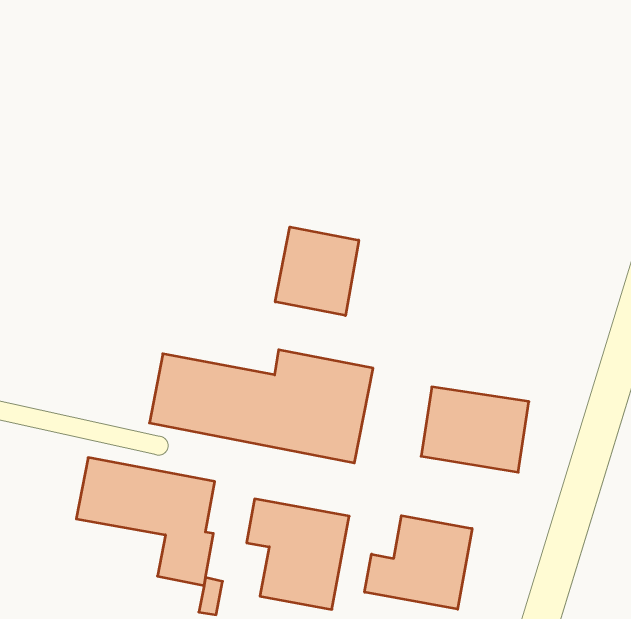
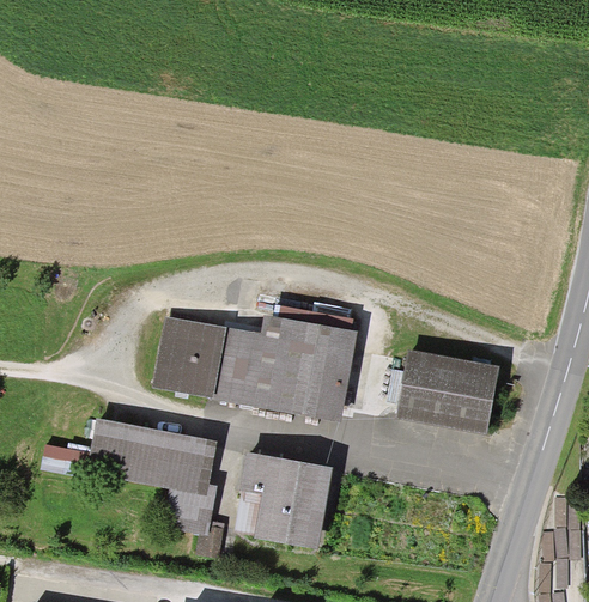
building: [275,227,359,316] -> none
building: [365,516,472,609] -> none

